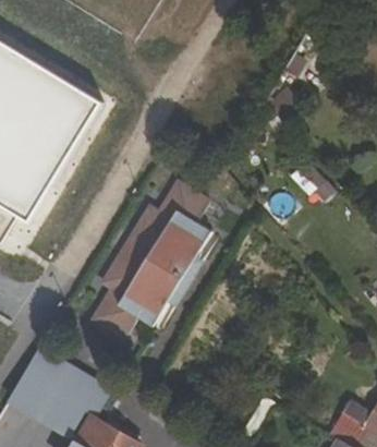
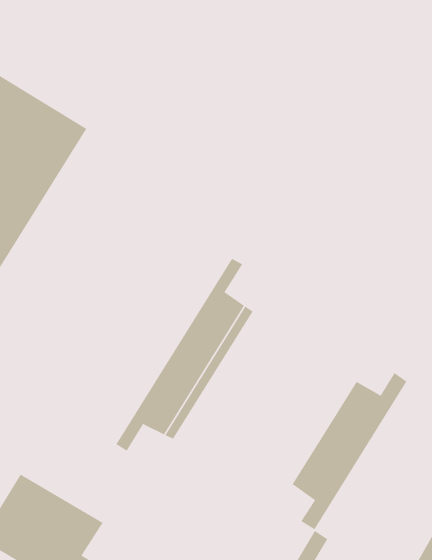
building: [94,181,203,333] -> none
building: none -> [292,372,407,530]

